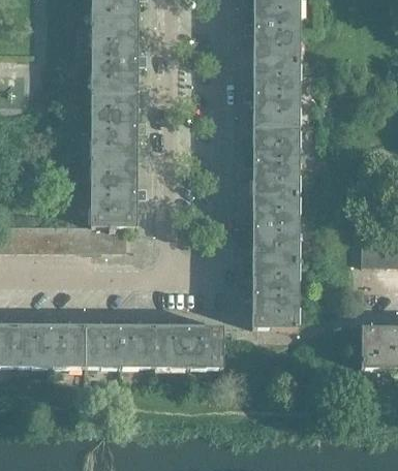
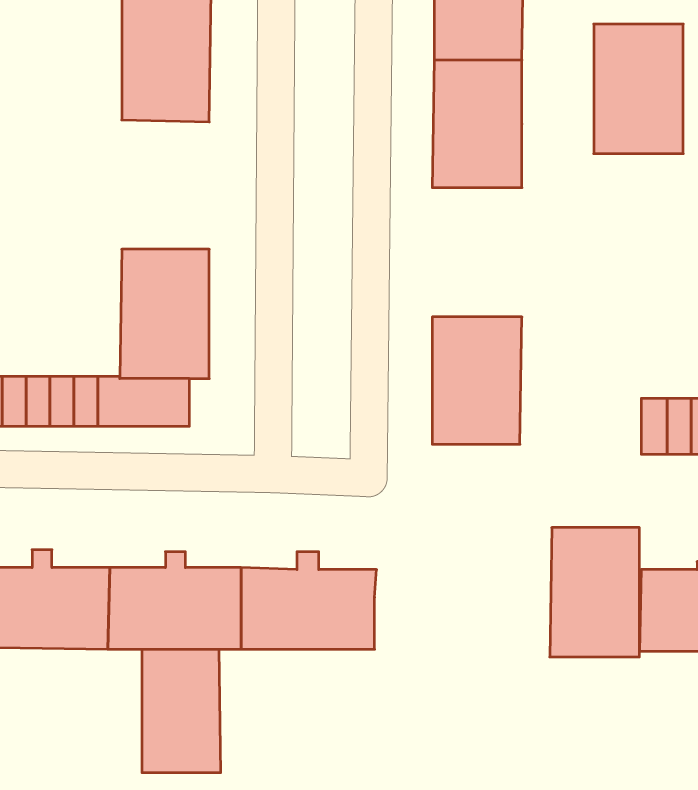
building: [92,92,137,159] -> none
building: [253,127,300,194] -> [594,24,683,154]
building: [252,260,299,327] -> [550,528,639,657]
building: none -> [142,649,221,773]

